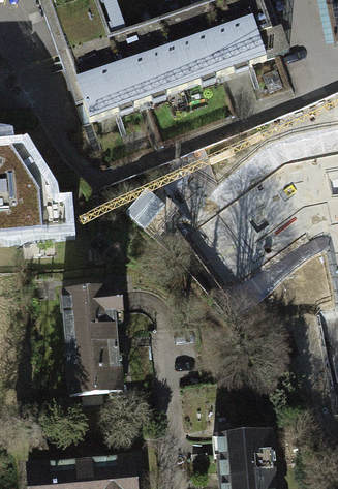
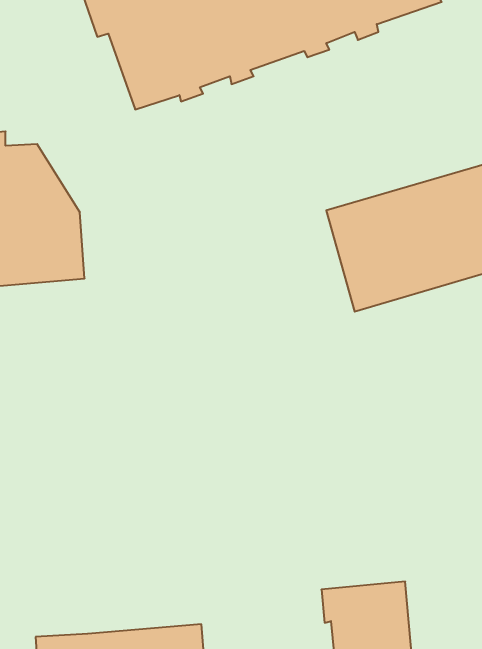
building: [62,284,123,391] -> none

